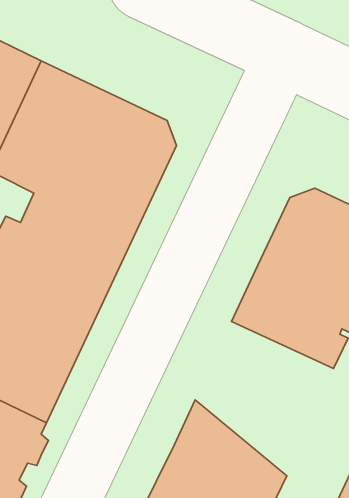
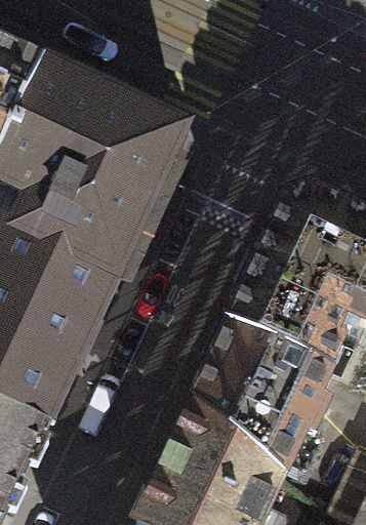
building: none -> [194,330,332,483]

